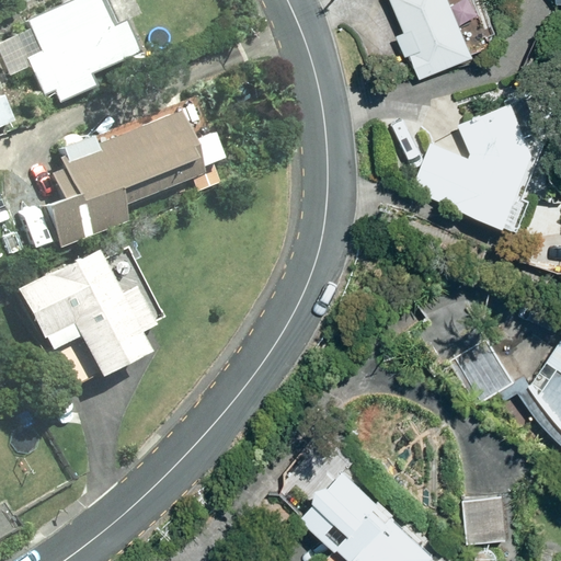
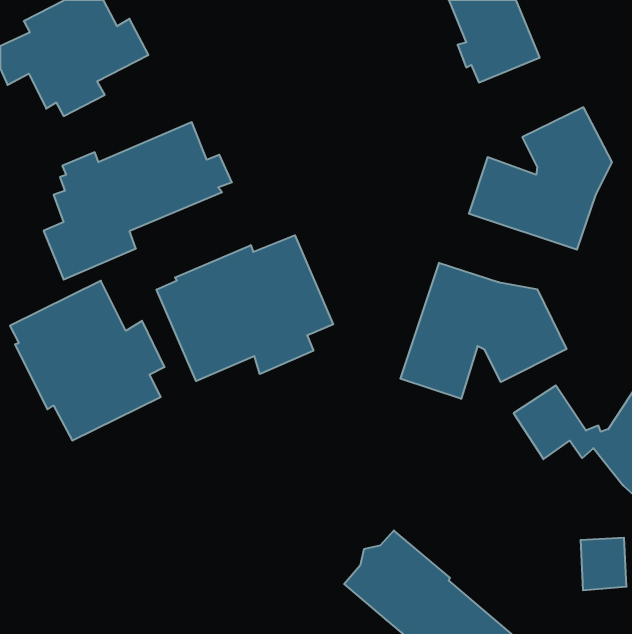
building: none -> [157,235,333,381]
building: none -> [400,263,566,399]
building: [469,496,510,542] -> [580,538,627,590]

